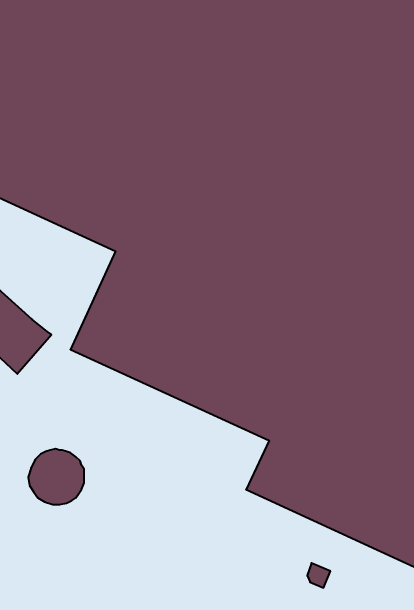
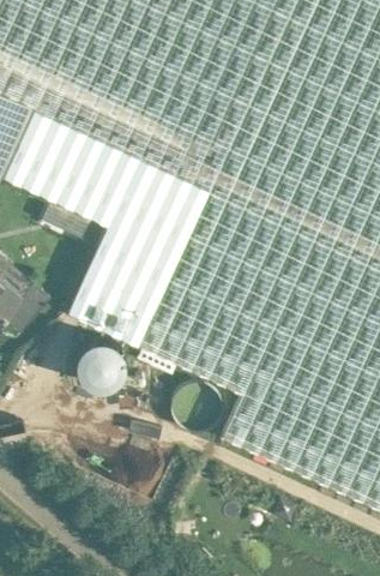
building: [28,449,84,505] -> [74,337,123,386]

